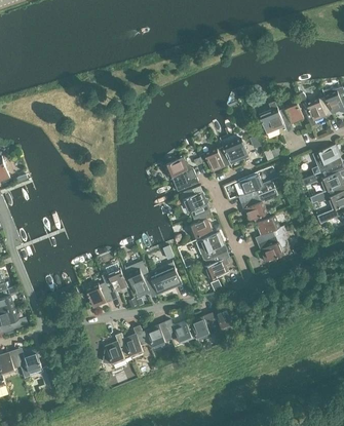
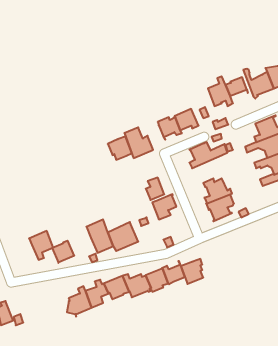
building: [241,189,277,222] -> none
building: [183,192,209,218] -> [108,136,132,160]
building: [204,251,229,279] -> [181,259,203,284]
building: [101,268,127,300] -> [29,231,53,260]

